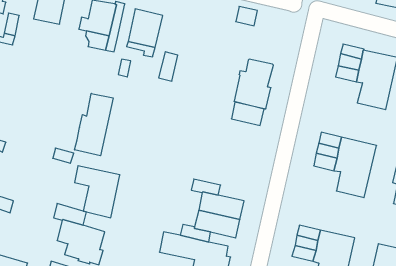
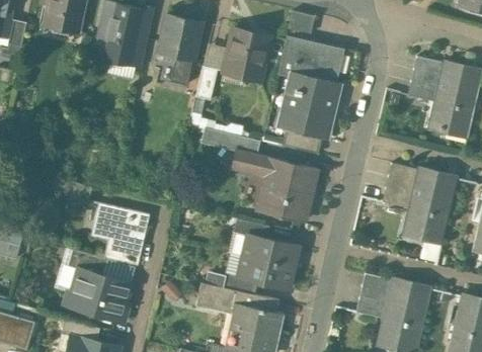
building: none -> [223,27,268,79]
building: none -> [278,38,339,80]
building: [75,93,113,156] -> none
building: none -> [200,127,314,221]

